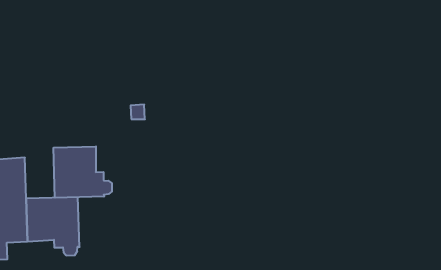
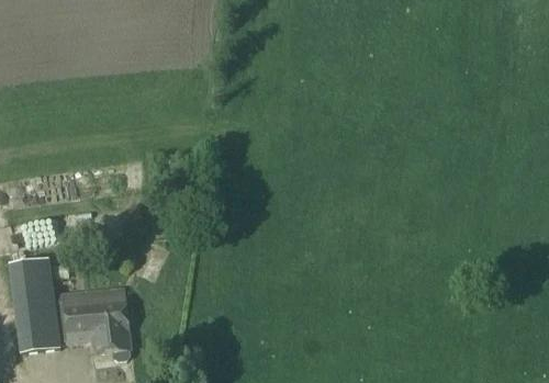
building: [54,146,112,198] -> none

